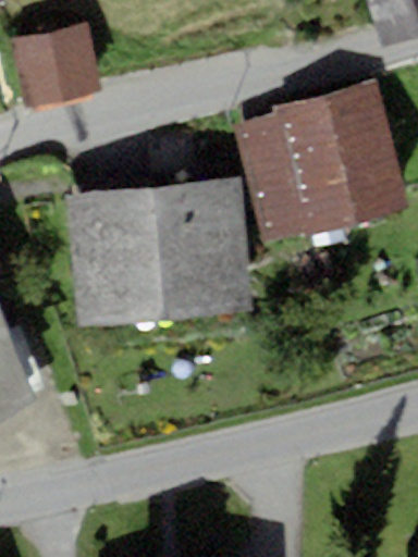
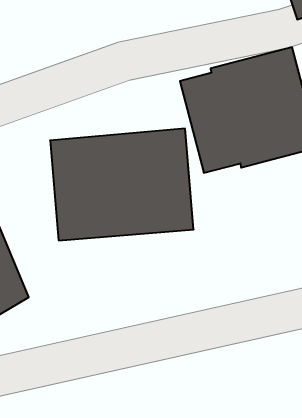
building: [10,23,104,110] -> none

